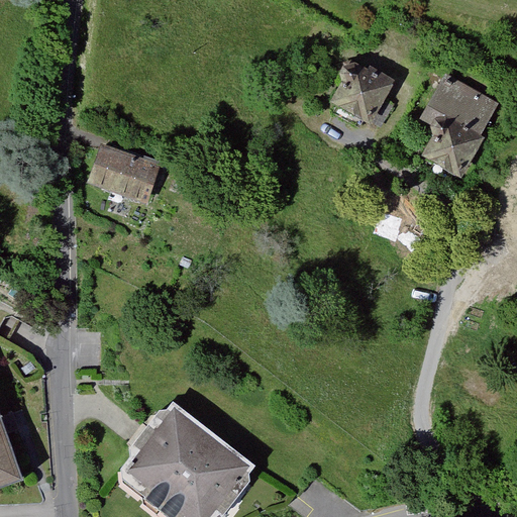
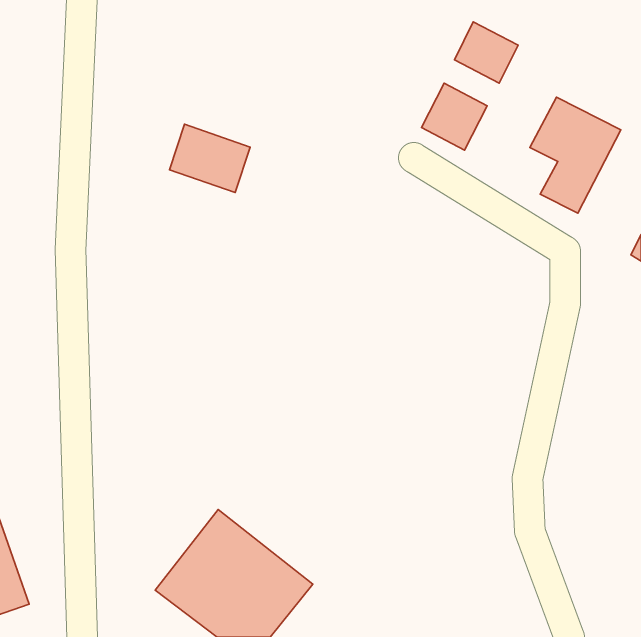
building: none -> [454,22,518,83]
building: [92,145,157,200] -> [169,124,250,192]

